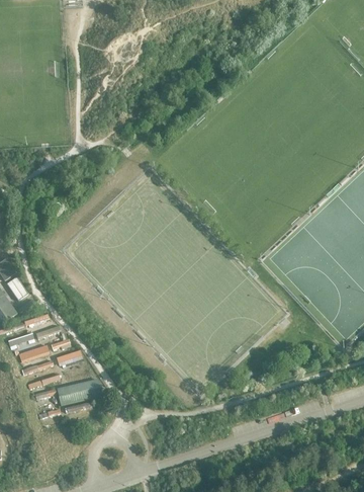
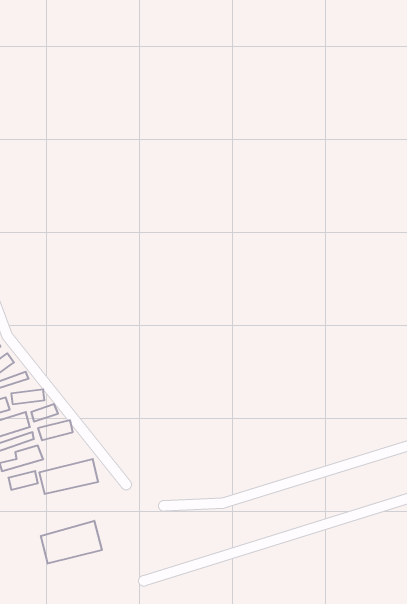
building: none -> [41,521,102,564]

